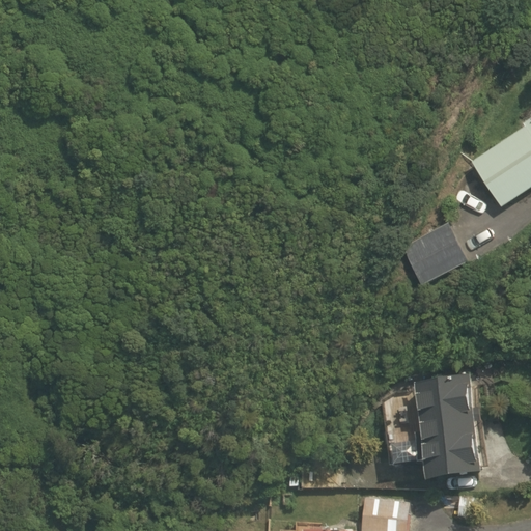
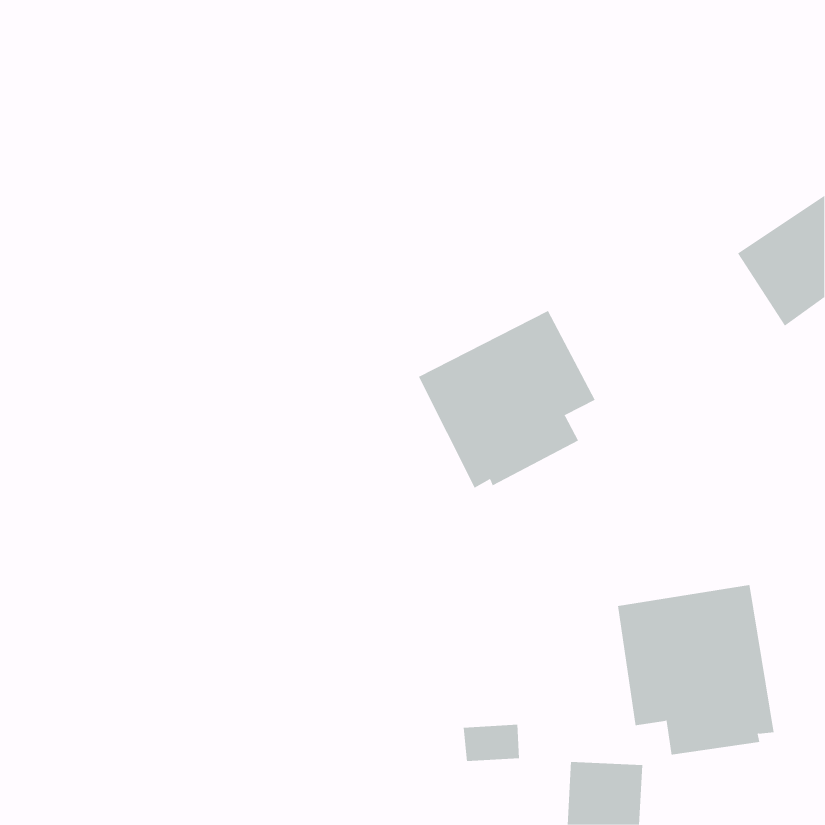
building: none -> [418,310,595,489]
building: [400,222,468,286] -> none

